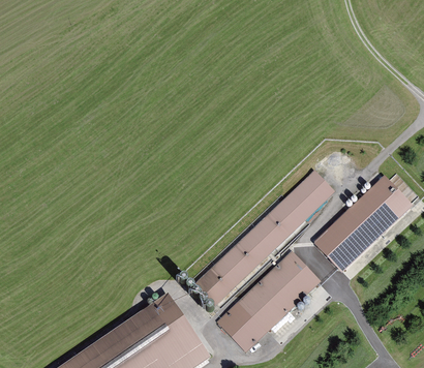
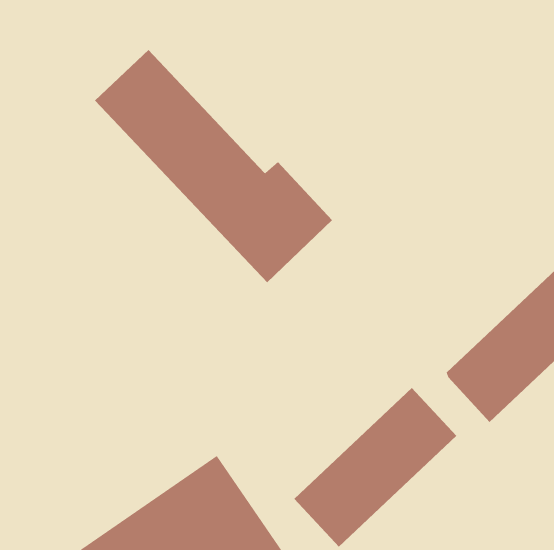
building: none -> [94,49,333,283]
building: [194,170,336,306] -> none

